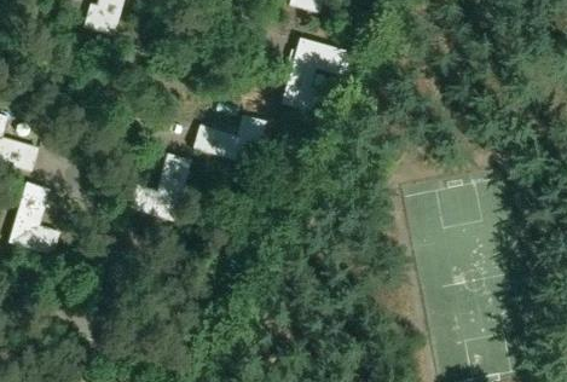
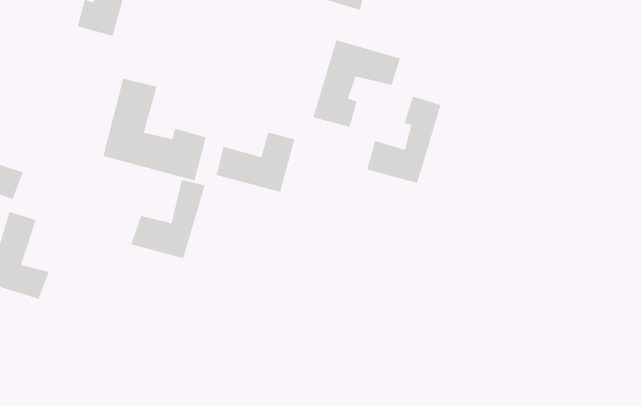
building: none -> [103,78,207,181]
building: none -> [366,96,441,184]

